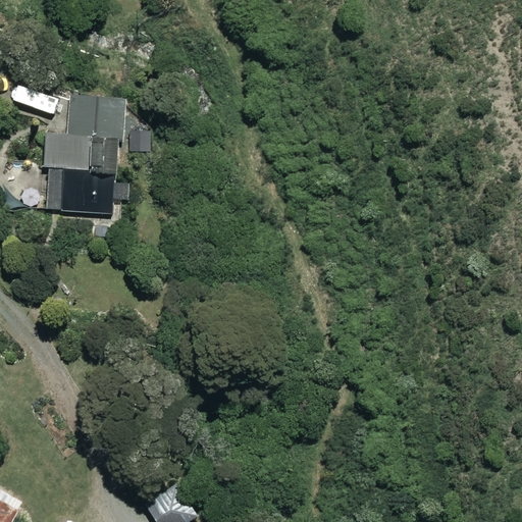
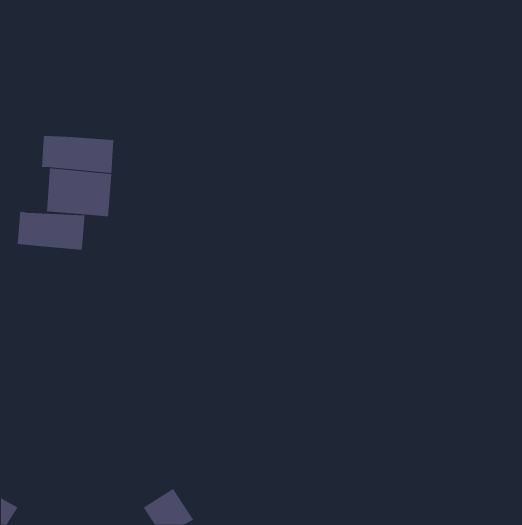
building: [70,93,119,139] -> none
building: none -> [17,211,85,250]

